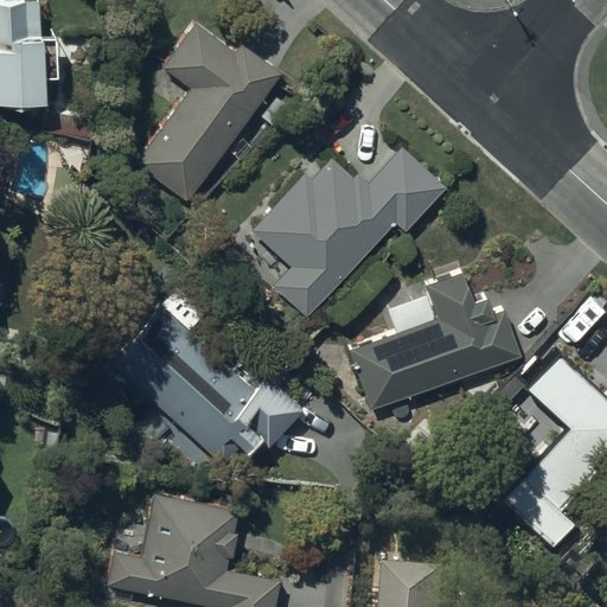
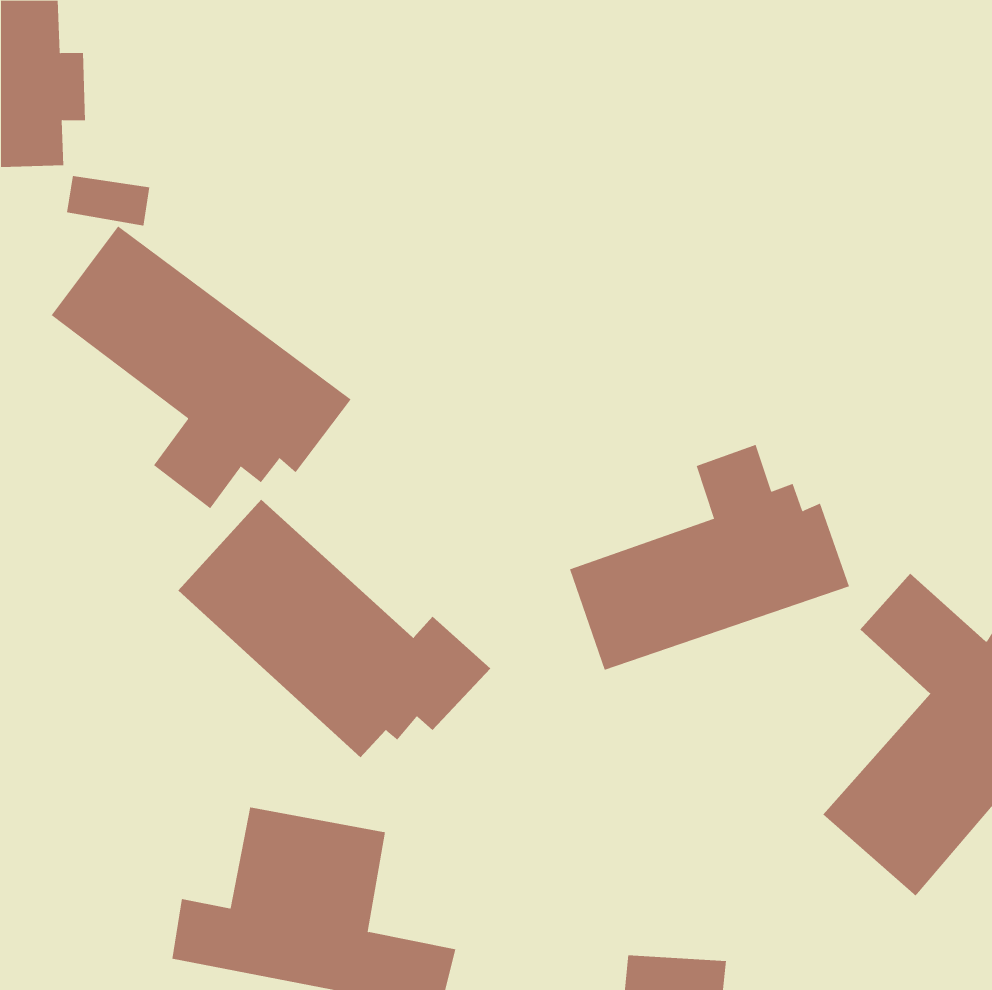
building: [135,25,283,202] -> none
building: none -> [51,226,352,509]
building: [253,147,447,318] -> none

